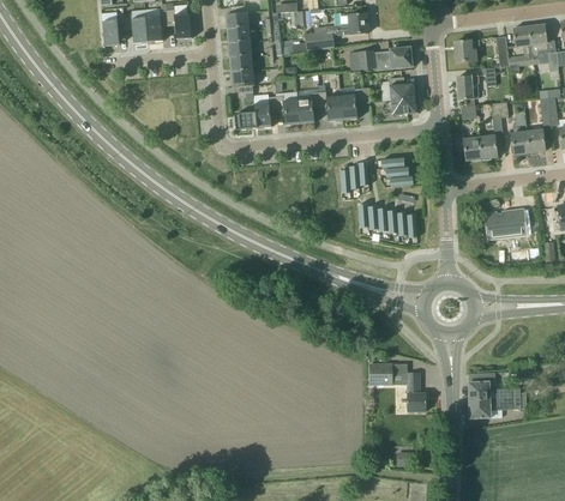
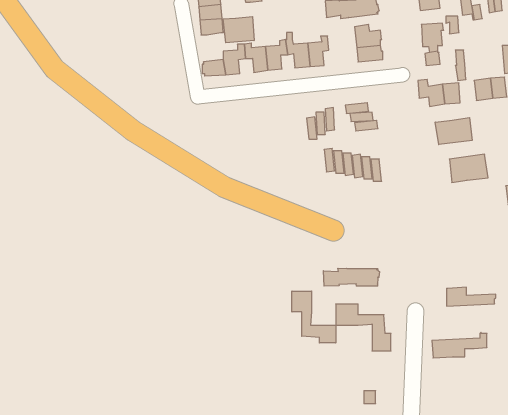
building: none -> [223,17,254,43]
building: none -> [435,118,472,145]
building: none -> [323,268,379,286]
building: none -> [292,291,336,343]
building: [468,380,518,399] -> [447,287,496,306]

